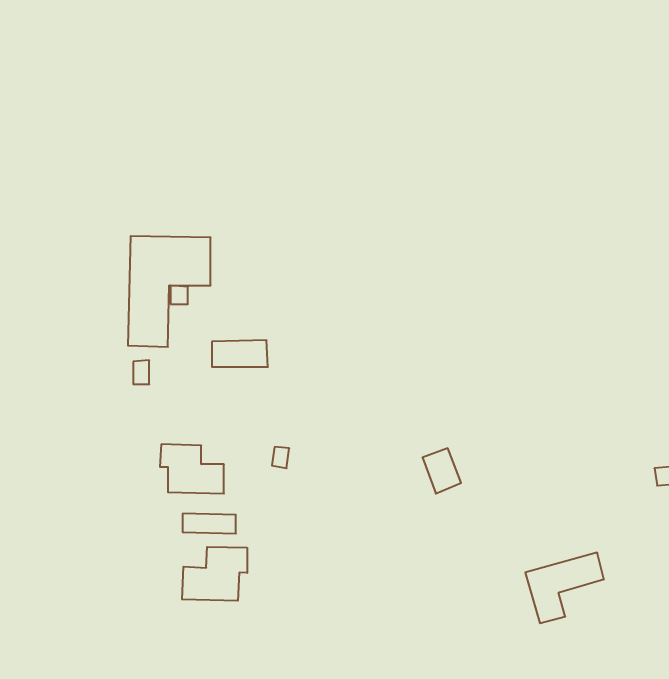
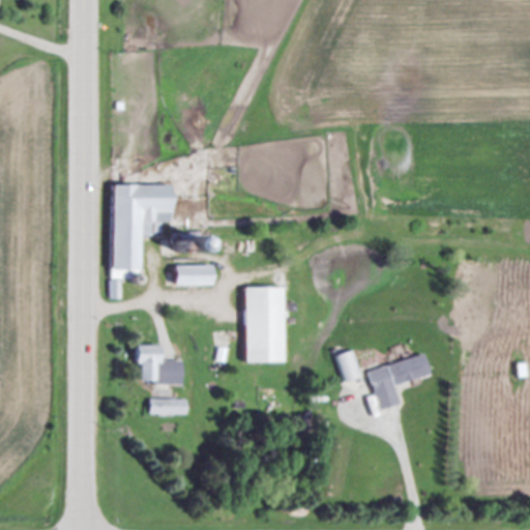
building: none -> [244,286,287,362]
building: [182,547,247,601] -> none
building: [525,553,604,623] -> [370,354,431,409]

